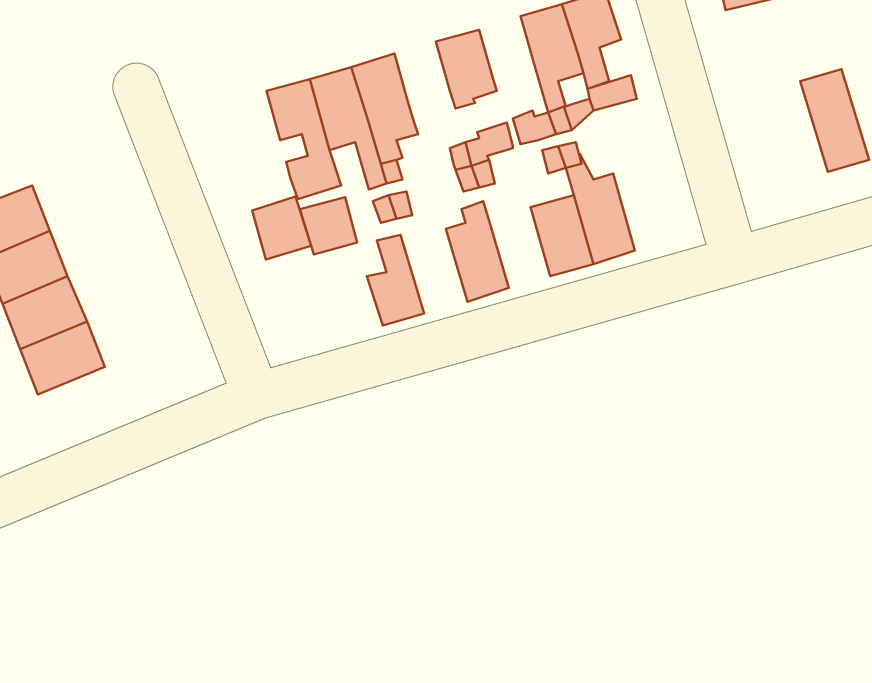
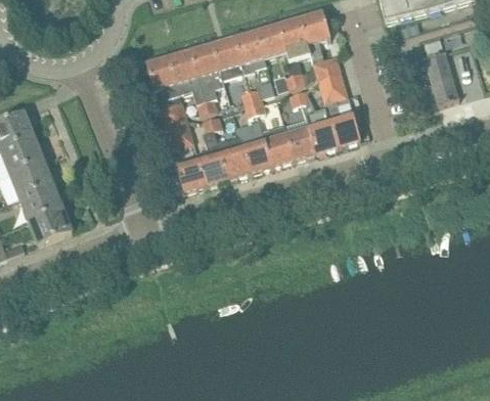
building: none -> [256,23,284,55]
building: none -> [212,36,240,68]
building: none -> [317,72,359,144]
building: [252,197,311,260] -> [175,158,206,190]
building: none -> [261,122,293,164]
building: none -> [216,133,250,177]
building: none -> [27,205,71,242]

